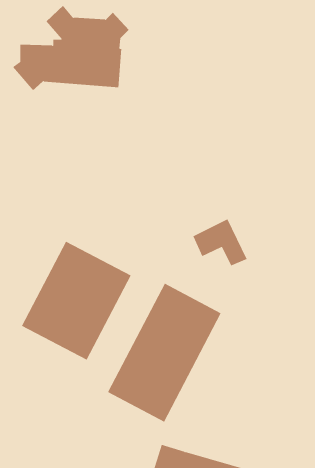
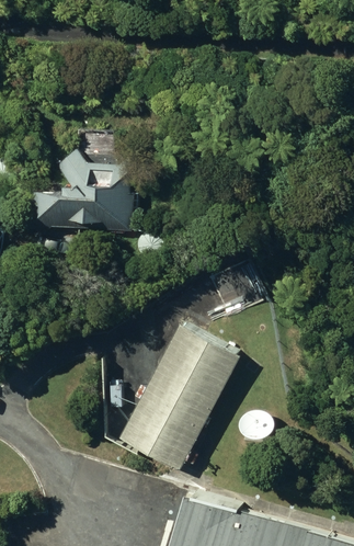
building: [12,5,130,91] -> [24,143,148,234]
building: [21,241,131,360] -> none

